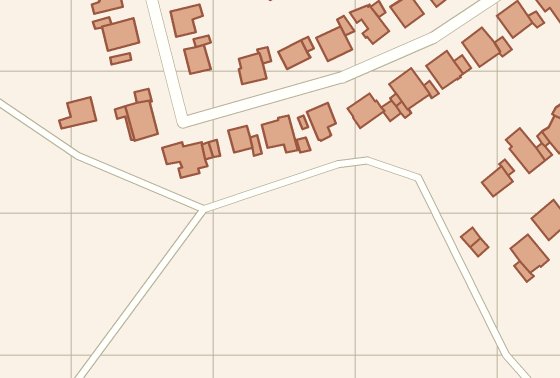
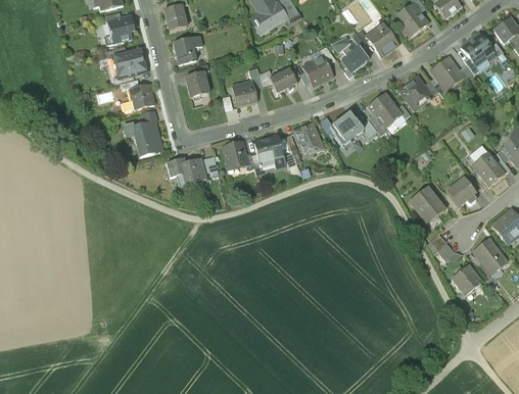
building: [59,97,96,129] -> [122,84,154,111]
building: none -> [408,186,444,221]
building: none -> [451,266,481,293]

